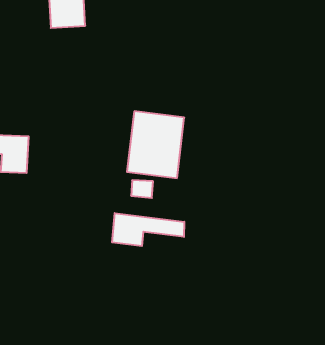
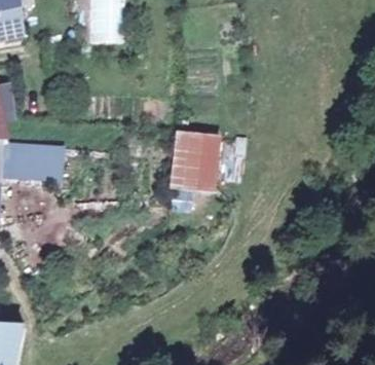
building: [112,213,184,246] -> none

